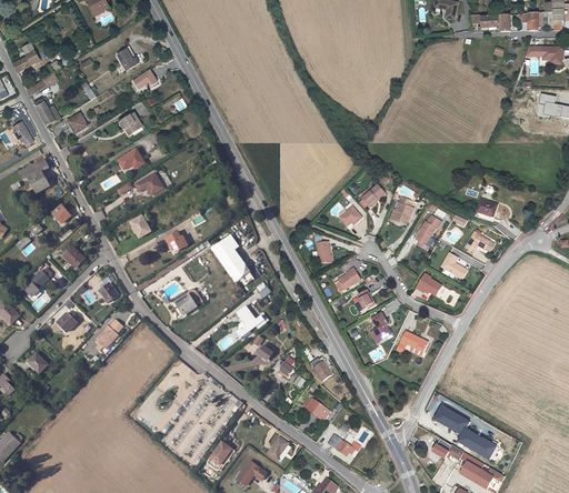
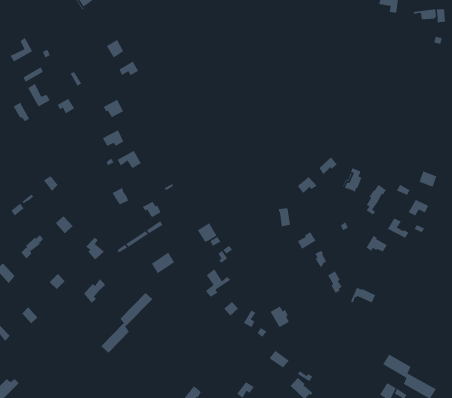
building: [17,158,48,193] -> none
building: [212,234,239,265] -> none
building: none -> [101,292,153,353]

